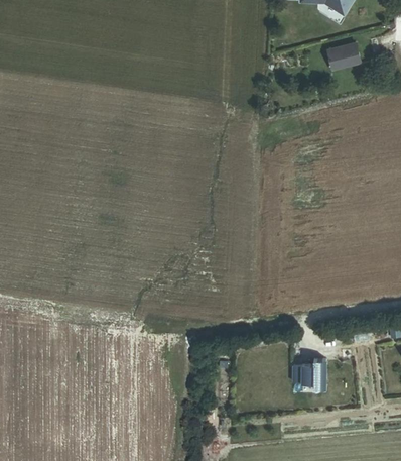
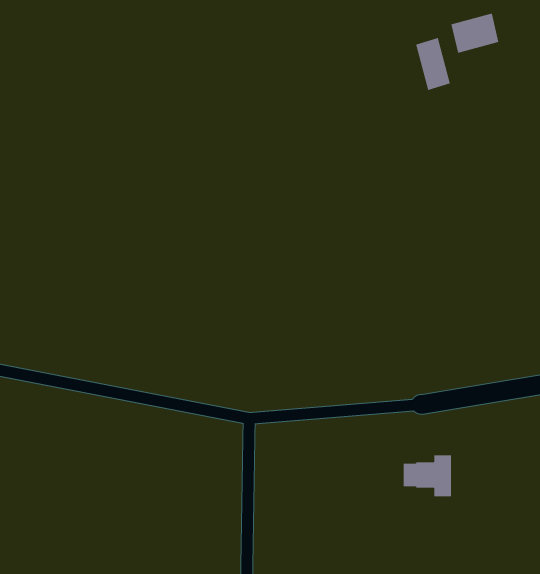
building: none -> [415,37,451,91]

